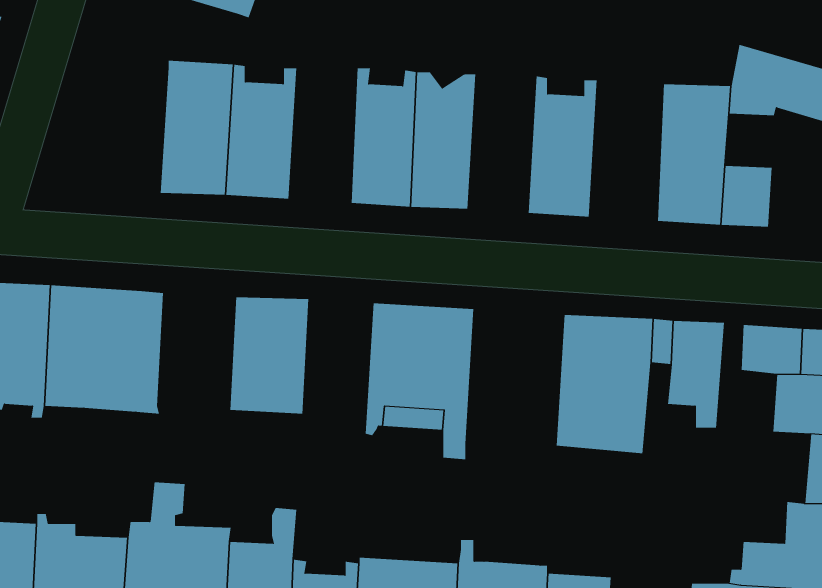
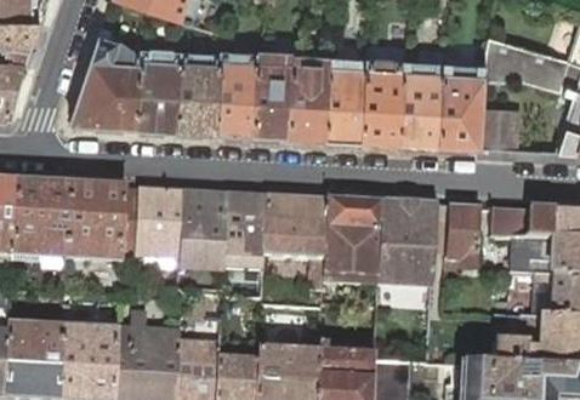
building: none -> [70,23,141,126]
building: none -> [215,47,256,132]
building: none -> [324,53,365,138]
building: none -> [398,57,443,143]
building: none -> [135,187,182,265]
building: none -> [223,190,266,297]
building: none -> [323,196,382,282]

